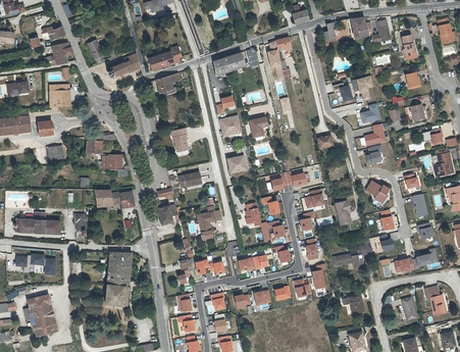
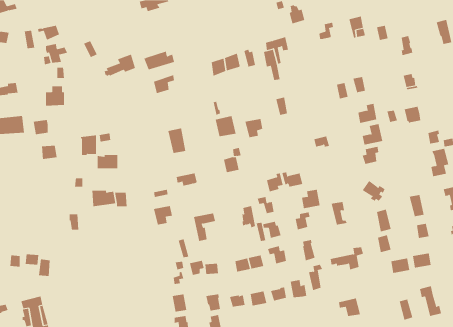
building: [13,211,59,234] -> none
building: [104,252,132,305] -> none

